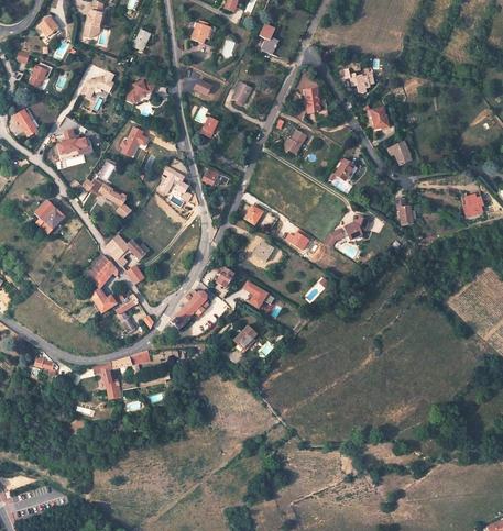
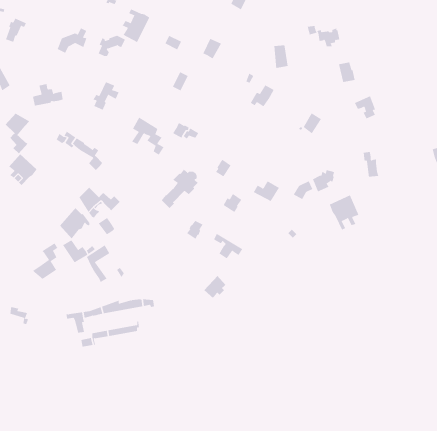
building: none -> [122,8,150,43]
building: none -> [5,113,30,154]
building: none -> [329,195,359,231]
building: [170,289,208,330] -> [161,169,198,209]
building: none -> [32,242,58,280]

